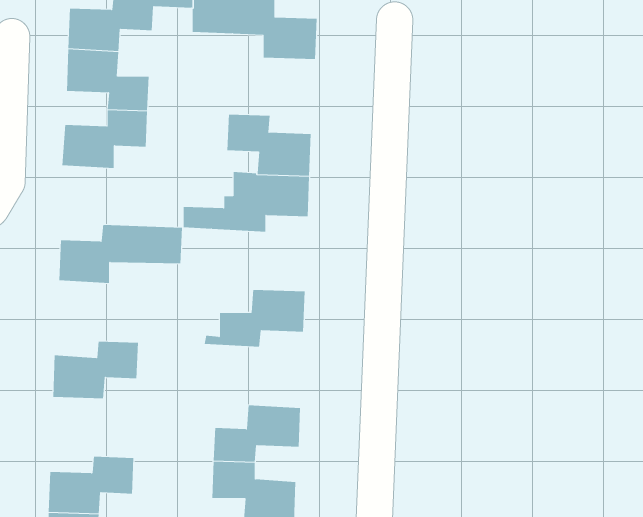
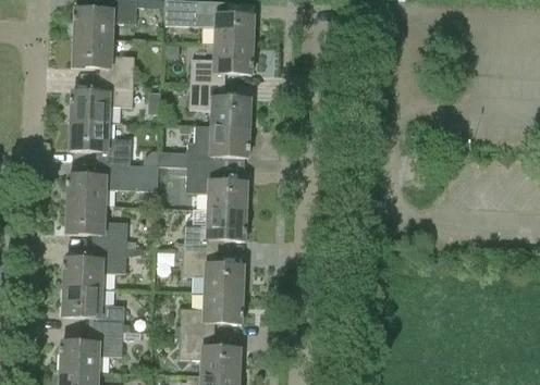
building: none -> [191,44,254,85]
building: none -> [70,121,158,165]
building: none -> [179,166,247,211]
building: none -> [68,203,127,248]
building: none -> [173,249,244,295]
building: none -> [63,287,124,331]

